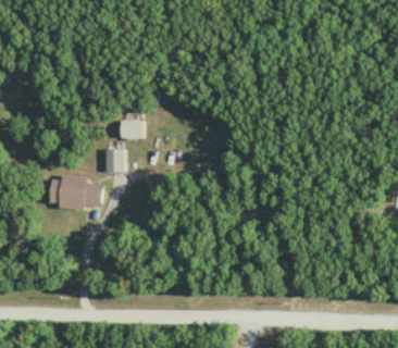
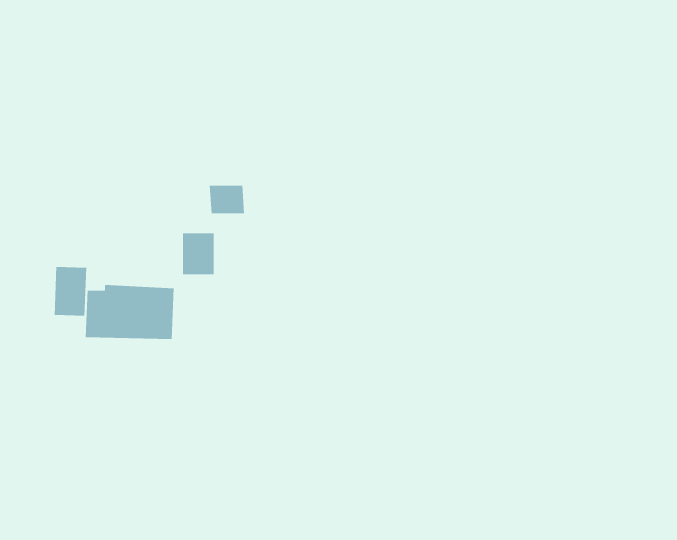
building: none -> [54,266,87,317]

